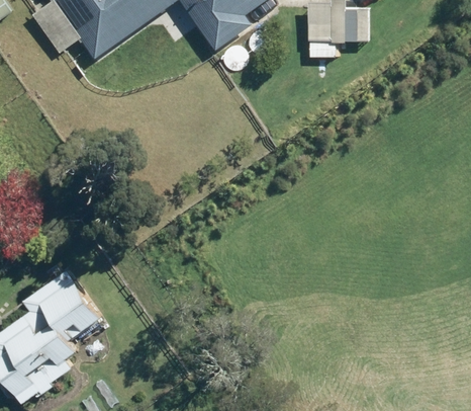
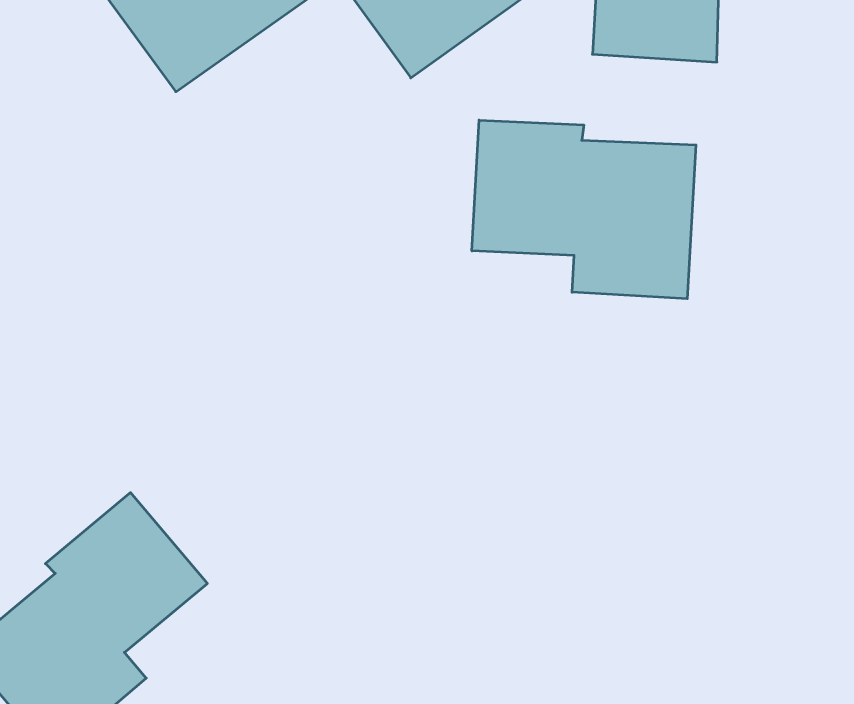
building: none -> [472,120,696,299]

